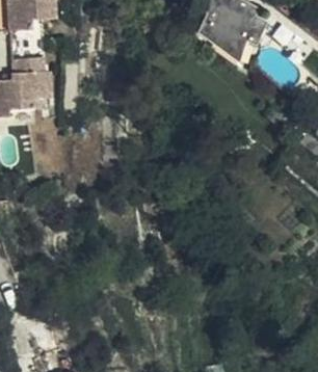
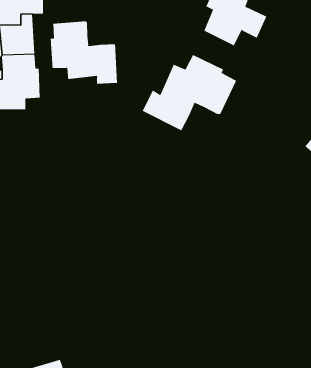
building: none -> [50,20,117,85]
building: none -> [142,54,237,131]

